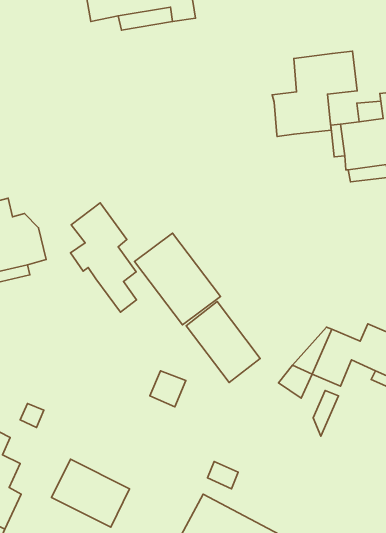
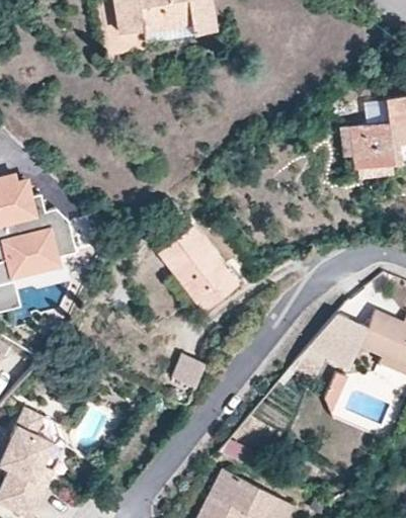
building: [272,51,357,136] -> none
building: [70,203,136,312] -> none
building: [186,302,260,383] -> none
building: [52,459,130,527] -> none

